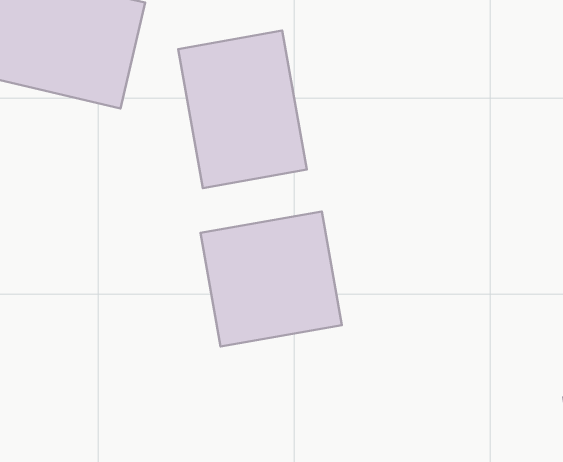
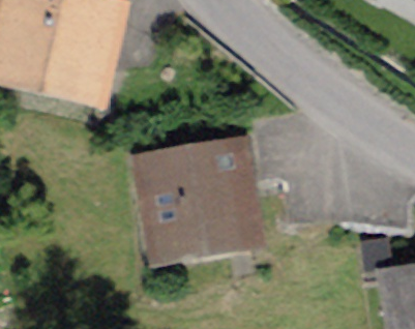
building: [178,31,307,188] -> none

